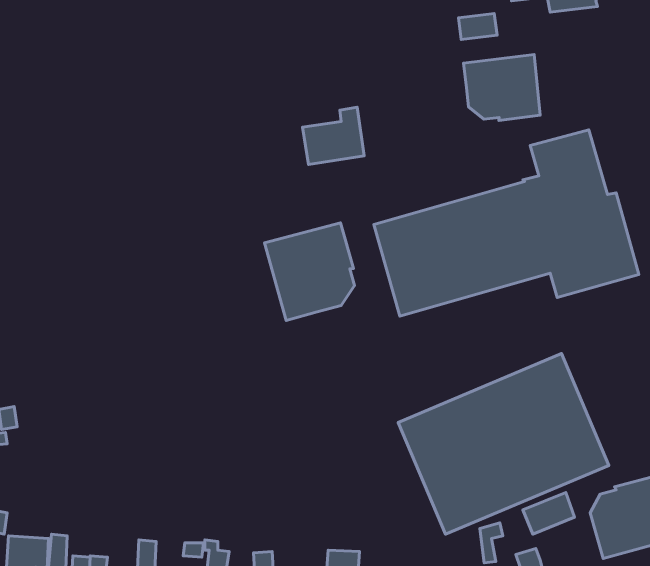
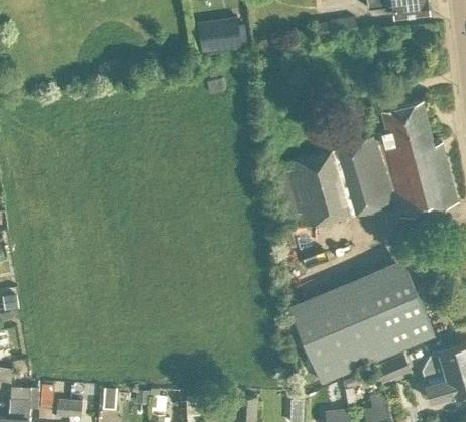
building: [464,55,540,120] -> none
building: [303,107,364,165] -> [199,17,242,57]
building: [265,223,354,320] -> none

